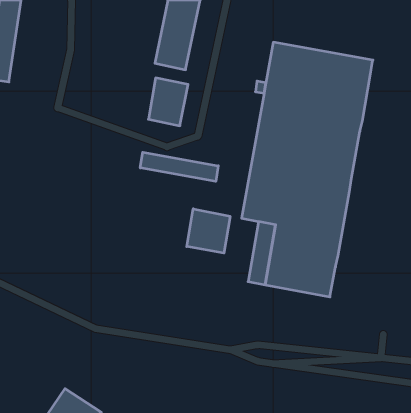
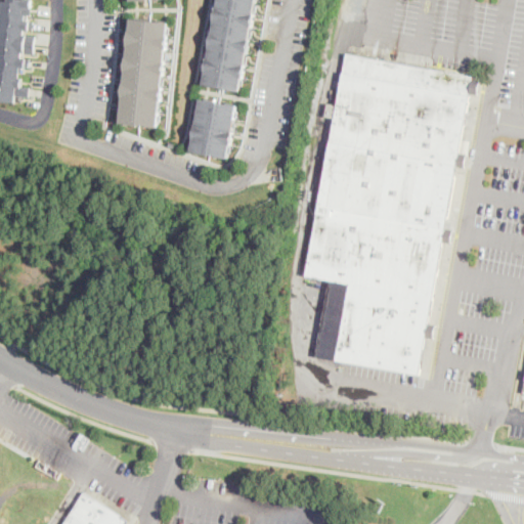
building: none -> [115,18,168,125]
building: [140,152,218,181] -> none
building: [187,209,230,253] -> none

